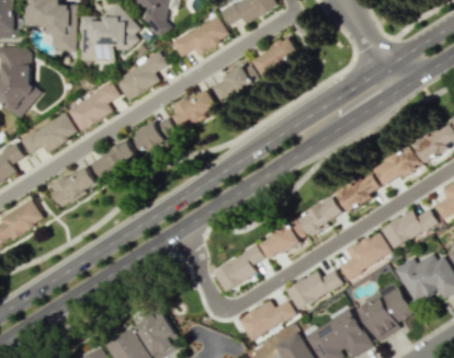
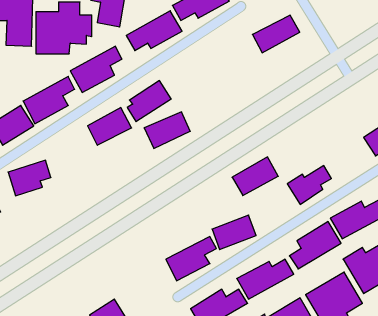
building: [252,37,300,76] -> [252,15,300,53]
building: [212,62,259,100] -> [144,112,190,148]
building: [91,140,139,178] -> none
building: [375,146,423,185] -> none
building: [298,195,345,234] -> [232,157,278,196]

